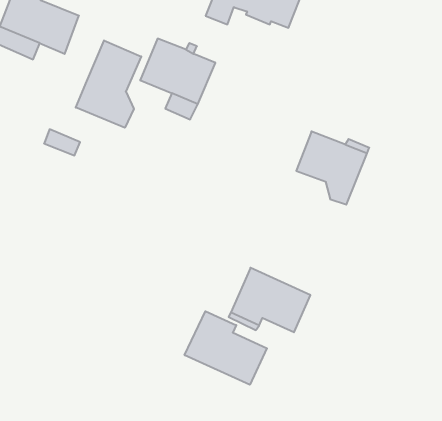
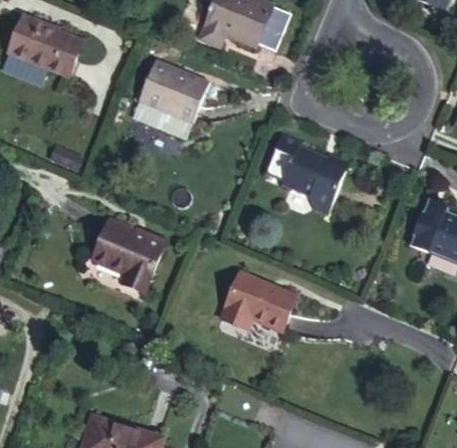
building: [76,40,141,128] -> none
building: none -> [90,217,165,292]
building: [185,311,267,385] -> none

